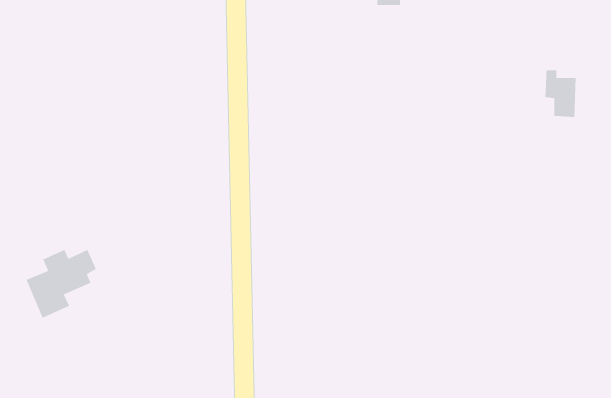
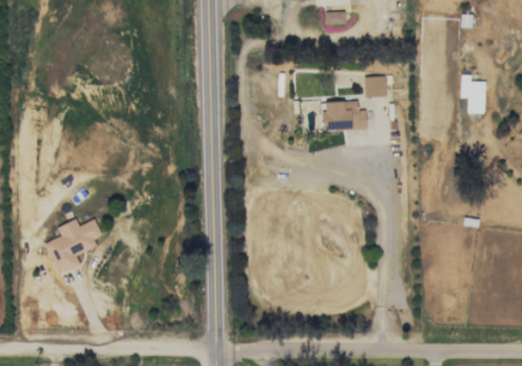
building: none -> [365,76,386,98]
building: none -> [323,101,367,130]

